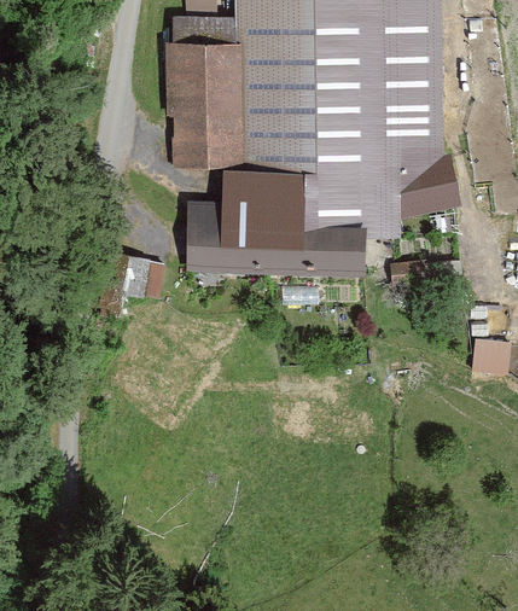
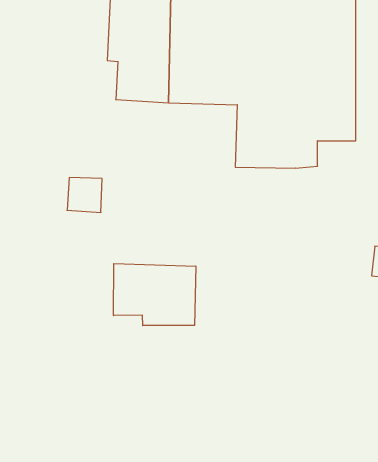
building: [185,168,377,277] -> none
building: none -> [114,264,196,326]

